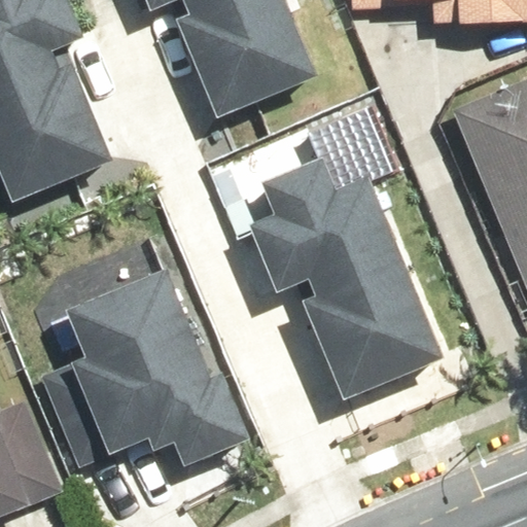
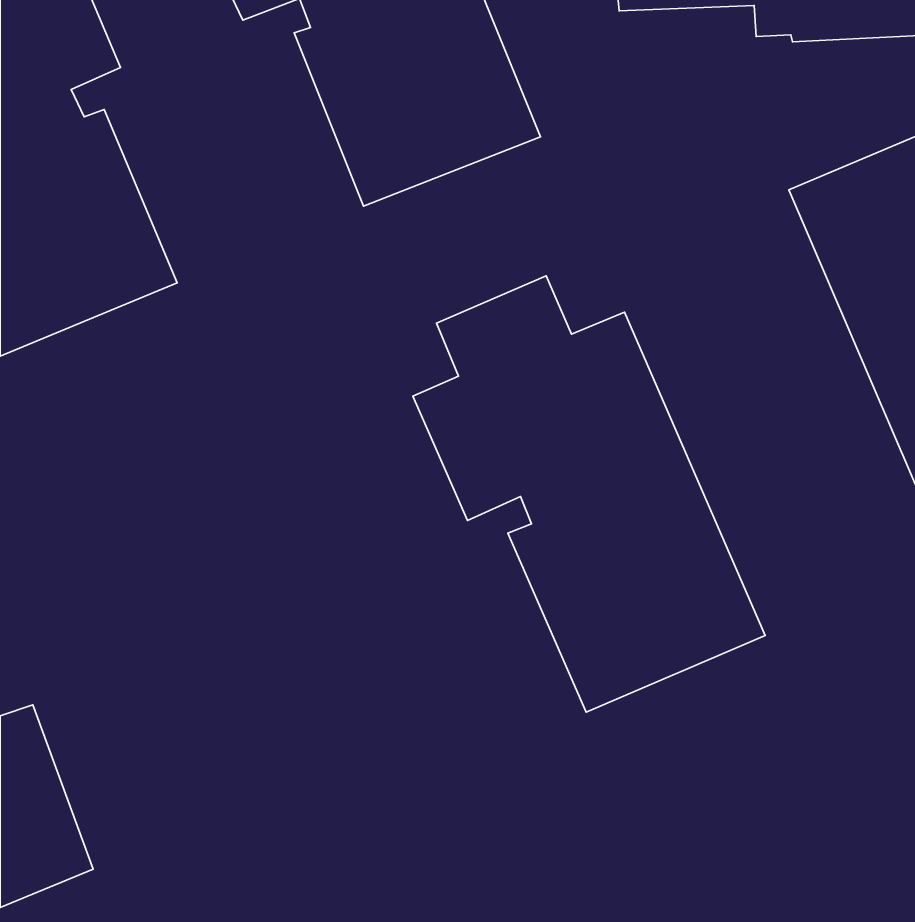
building: [65,269,247,466] -> none

